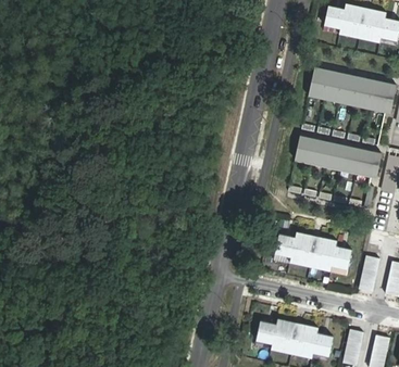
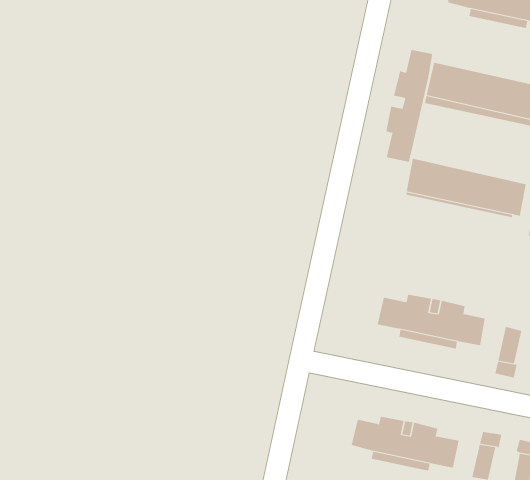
building: none -> [386,49,433,163]

